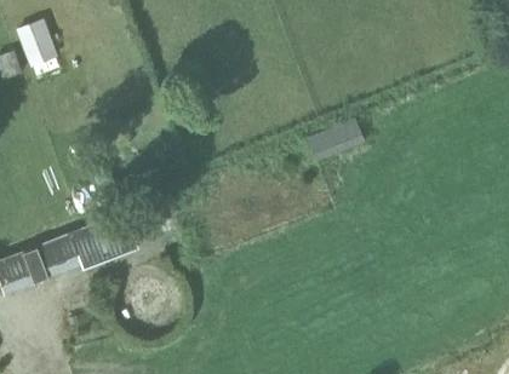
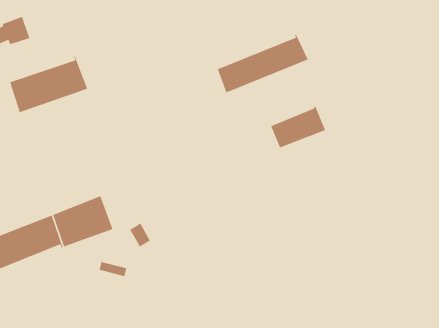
building: none -> [217,34,309,94]
building: none -> [9,56,88,113]

